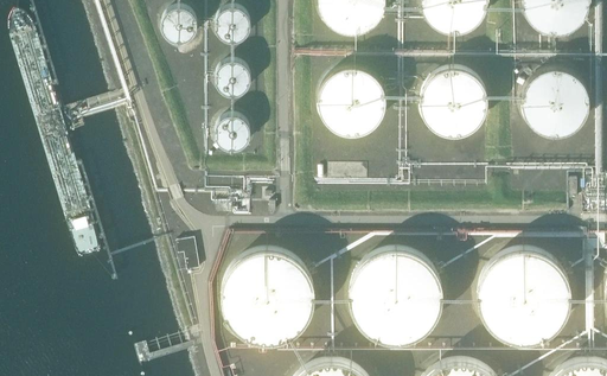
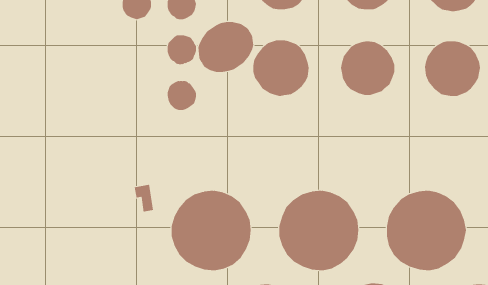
building: none -> [198,21,254,73]

